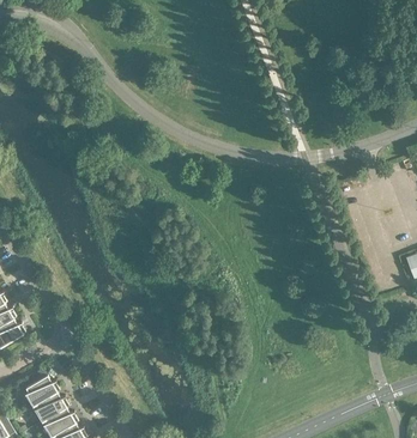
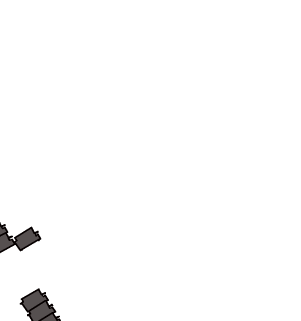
building: [23,375,58,404] -> [14,228,41,251]

